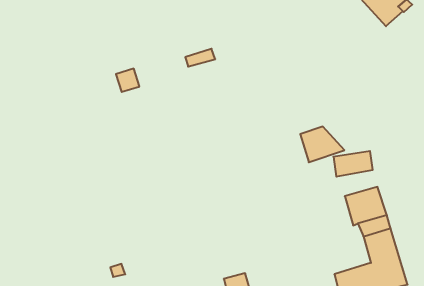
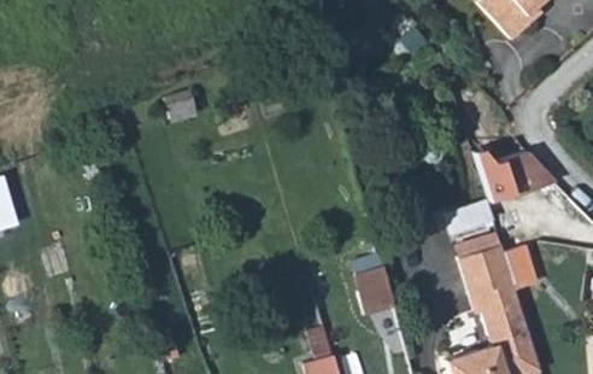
building: [300,127,344,162] -> [495,150,552,195]
building: none -> [356,269,394,315]

